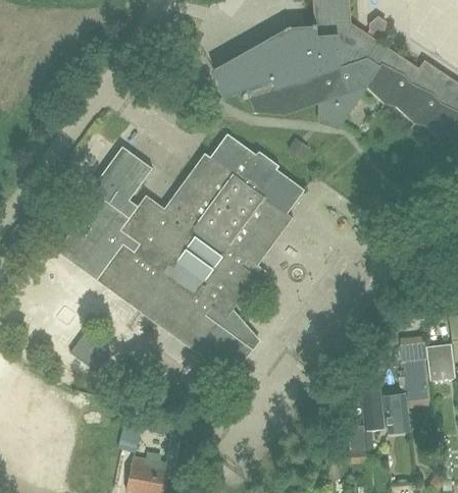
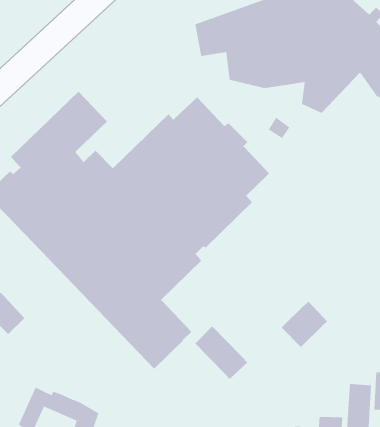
building: none -> [281,301,328,348]
building: none -> [194,326,248,380]

